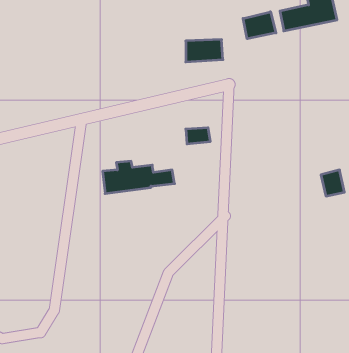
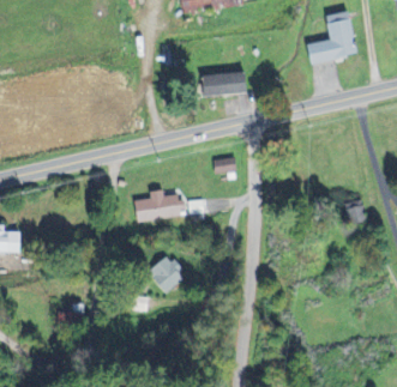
building: [243,12,276,39] -> none
building: none -> [148,255,181,291]

